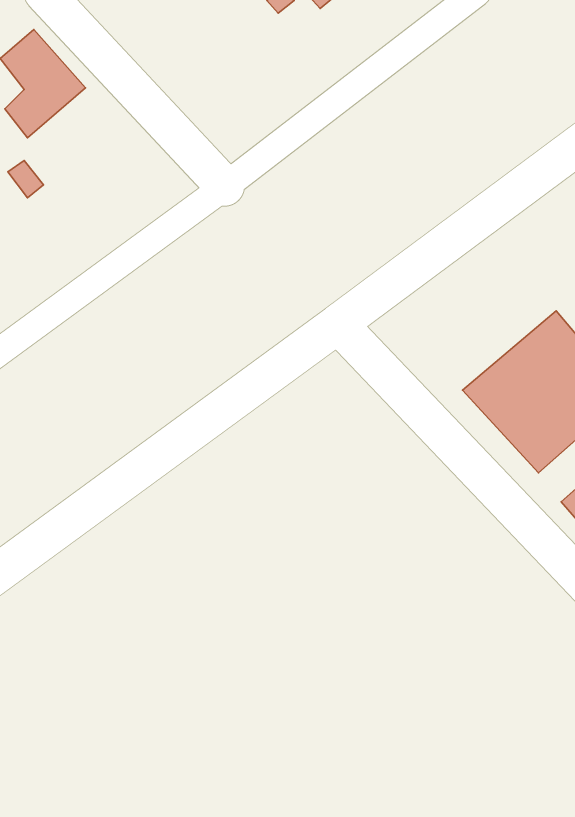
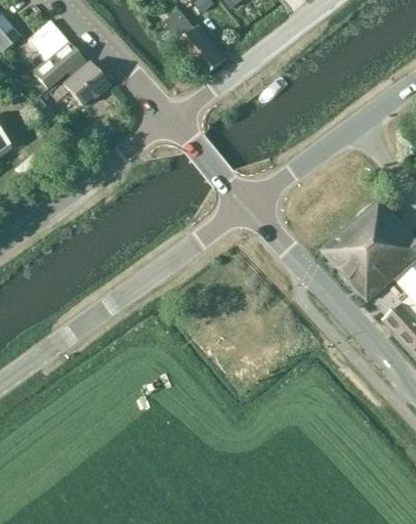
building: none -> [164,9,225,75]
building: none -> [64,60,107,103]

